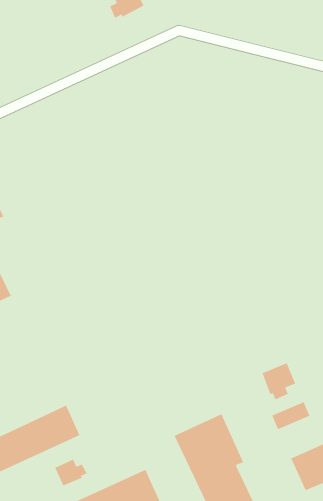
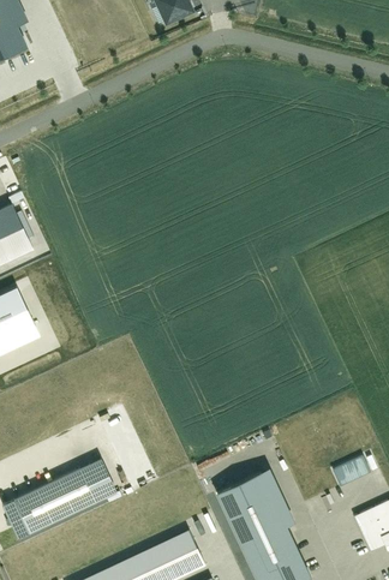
building: [262,362,296,401] -> none
building: [54,458,88,487] -> none

